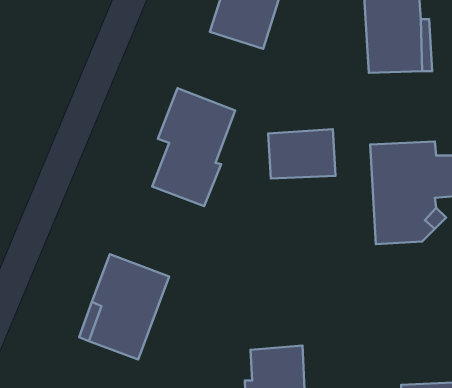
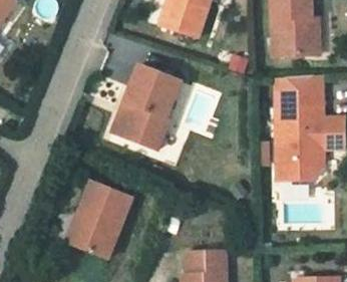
building: [268,129,336,178] -> [272,71,320,106]

